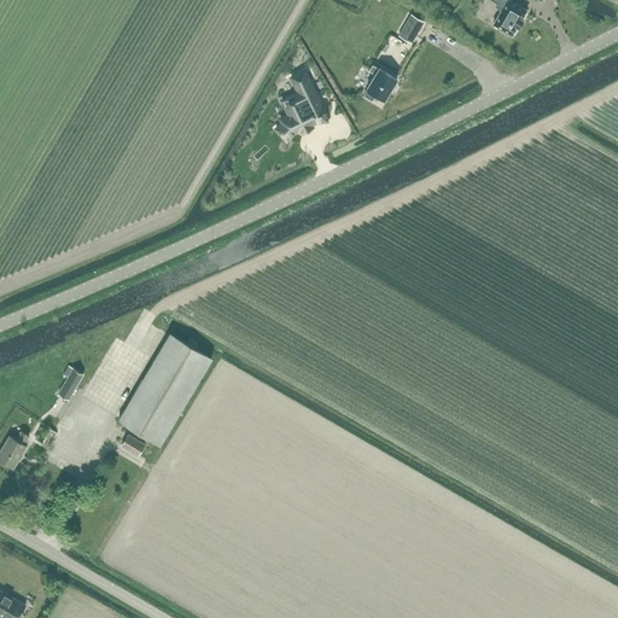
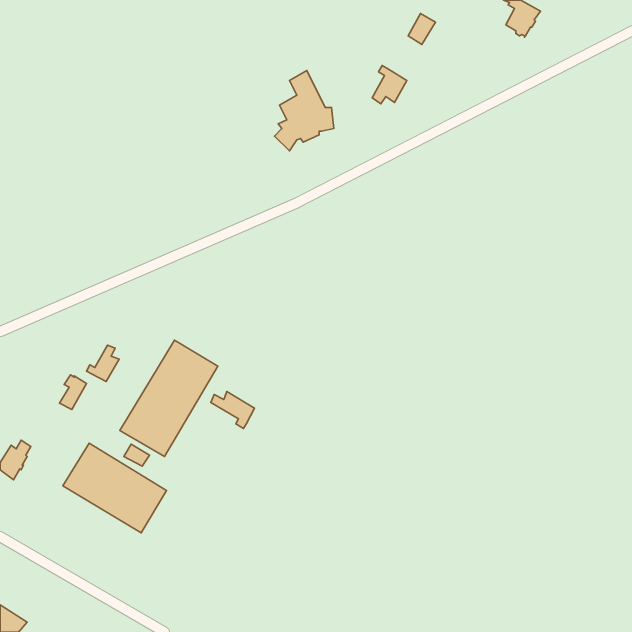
building: none -> [86,345,119,382]
building: none -> [211,392,254,429]
building: none -> [63,443,166,533]

